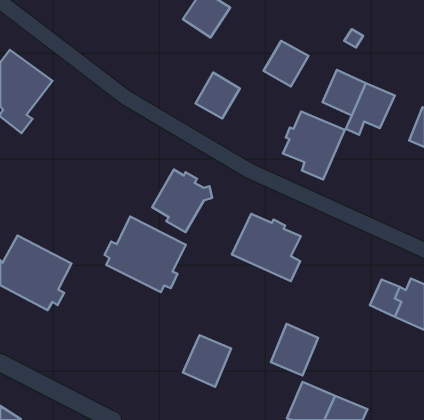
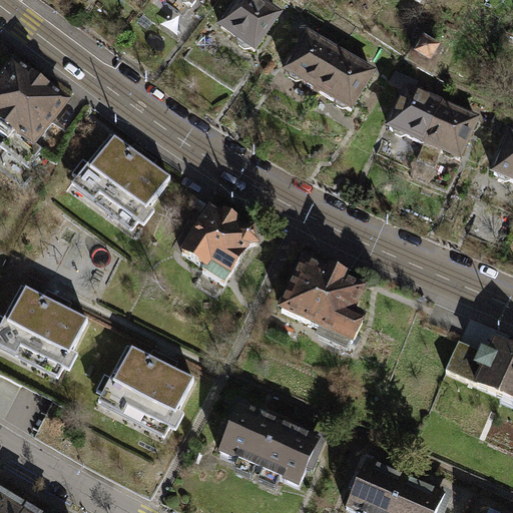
building: [196,73,240,118] -> [287,30,340,85]
building: none -> [70,132,169,227]
building: [283,112,345,180] -> none
building: [104,217,186,292] -> [96,342,194,433]
building: [271,324,318,375] -> [261,420,318,482]

